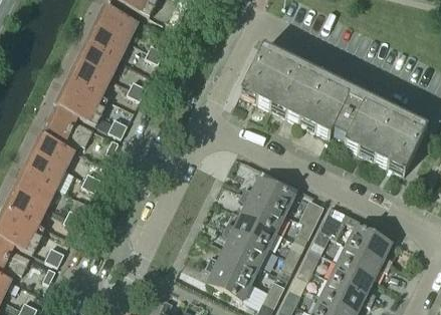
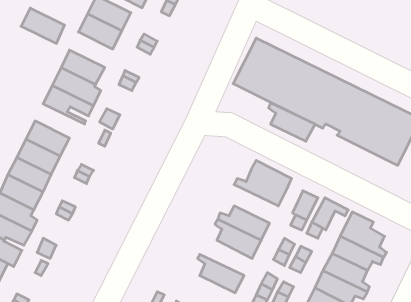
building: [77,41,121,76] -> [21,8,65,43]
building: [43,112,92,146] -> none
building: [239,193,285,231] -> [269,103,315,141]
building: [207,248,259,283] -> none

